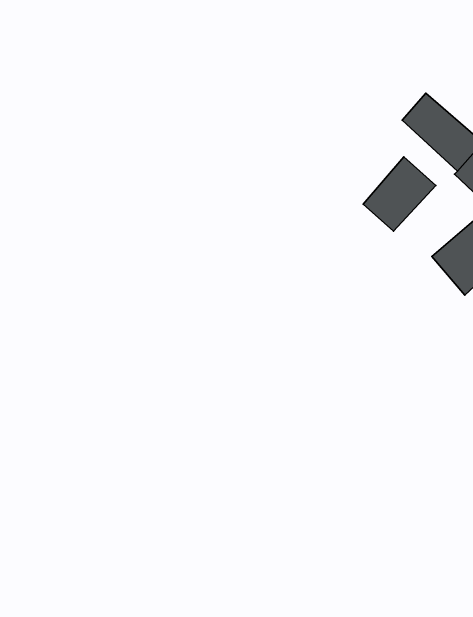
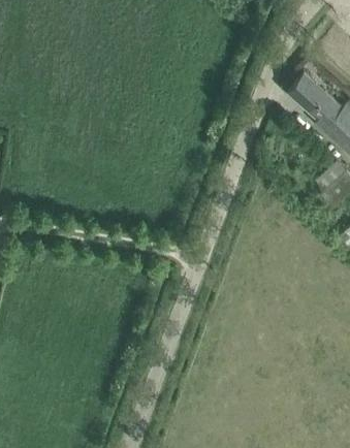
building: [363,157,436,231] -> none

